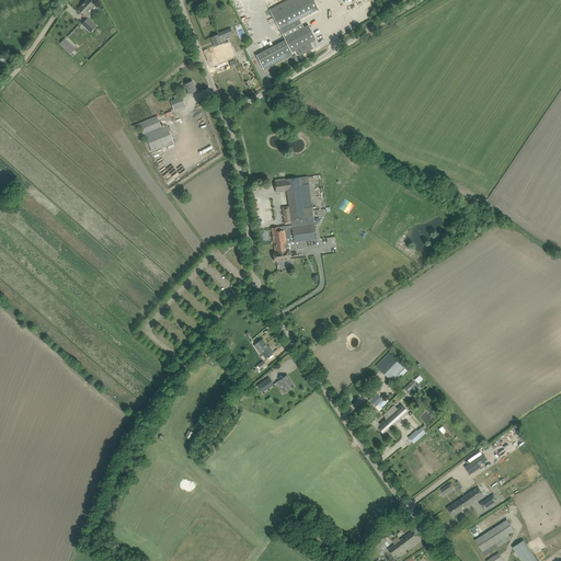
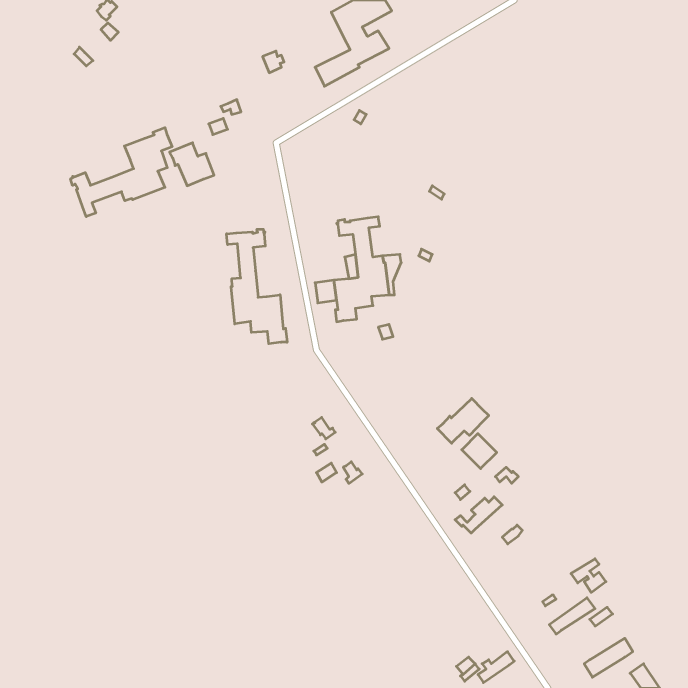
building: none -> [71,128,172,217]
building: none -> [227,229,287,344]
building: none -> [437,398,489,443]

